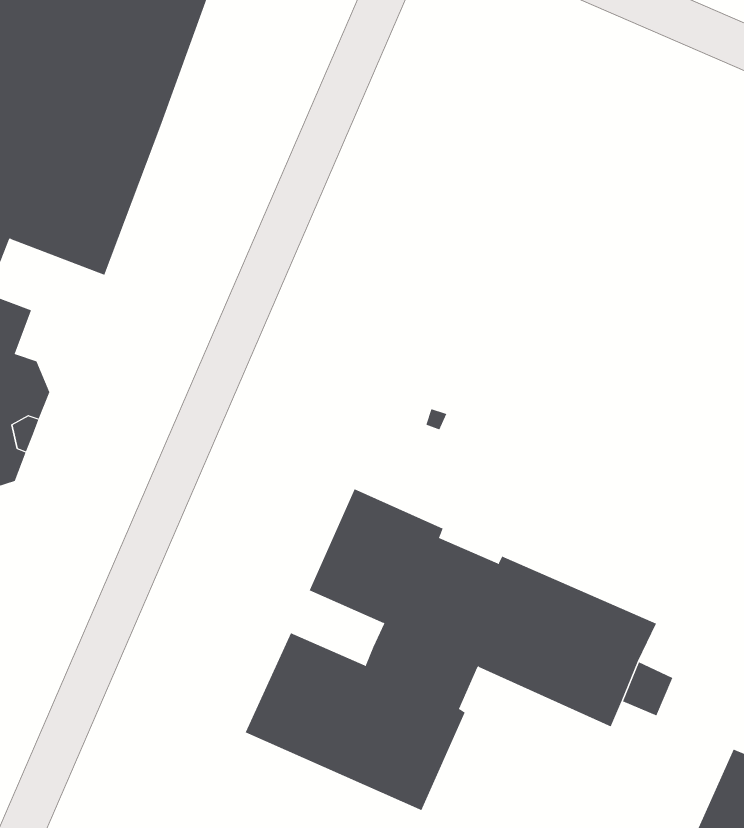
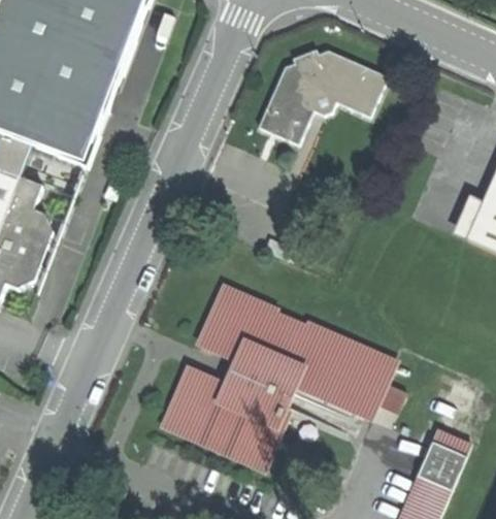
building: none -> [256,46,387,142]

